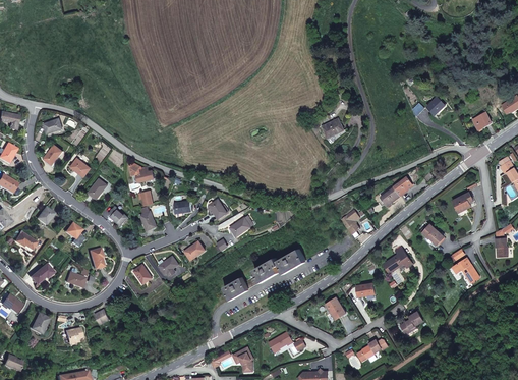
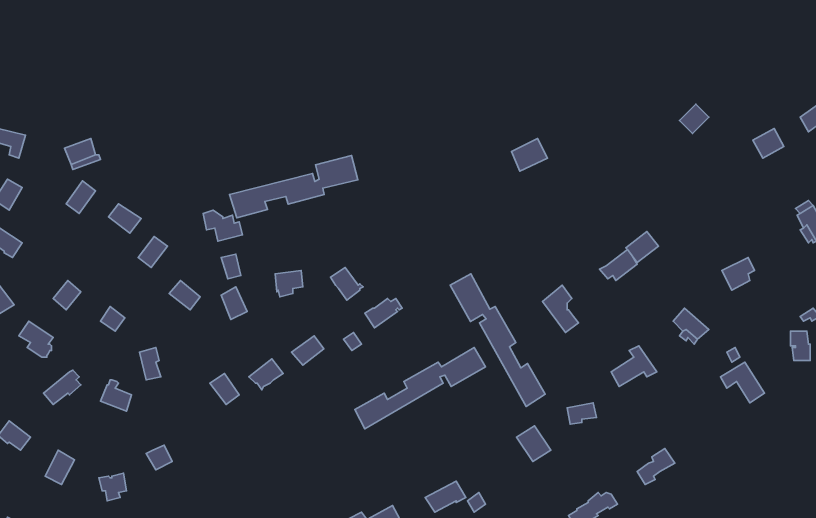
building: none -> [230,155,358,218]
building: none -> [450,274,545,407]

